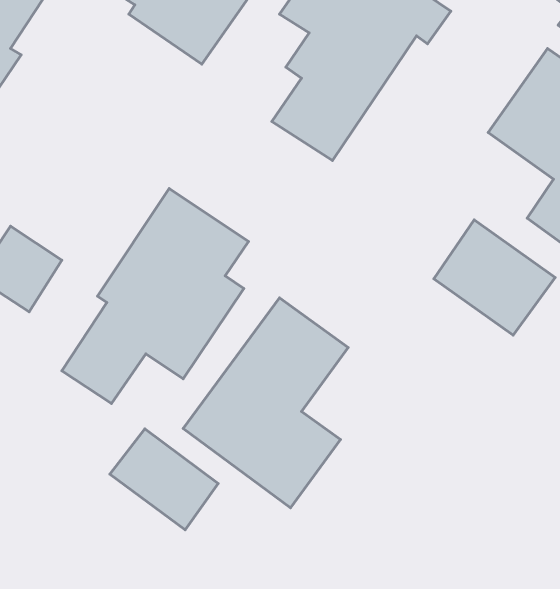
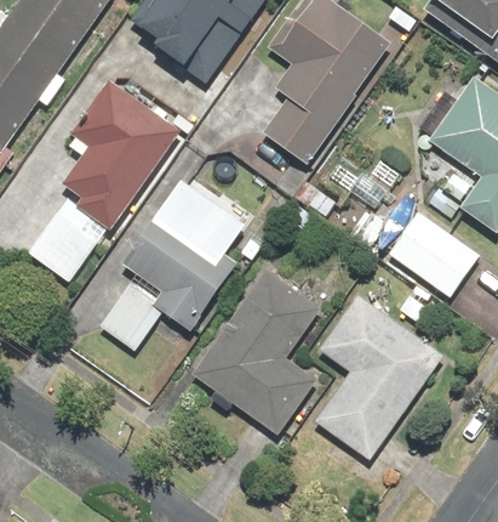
building: none -> [62,80,182,229]
building: none -> [316,297,442,460]
building: [110,429,218,530] -> none

